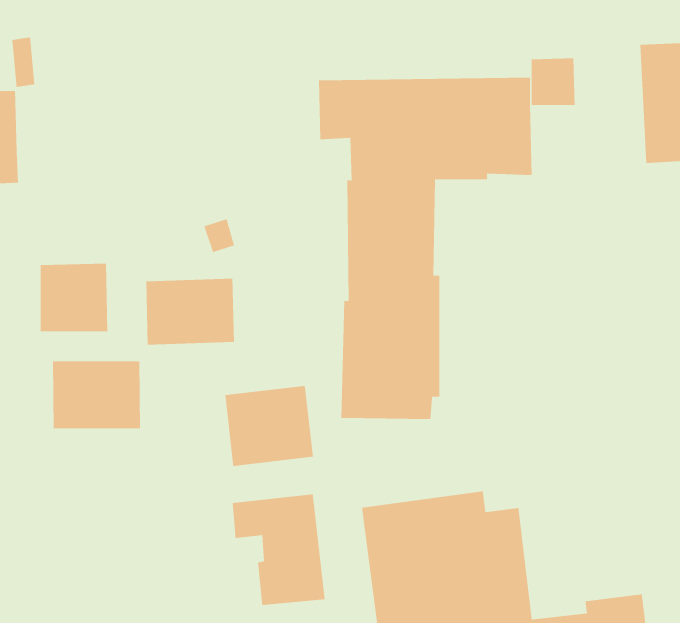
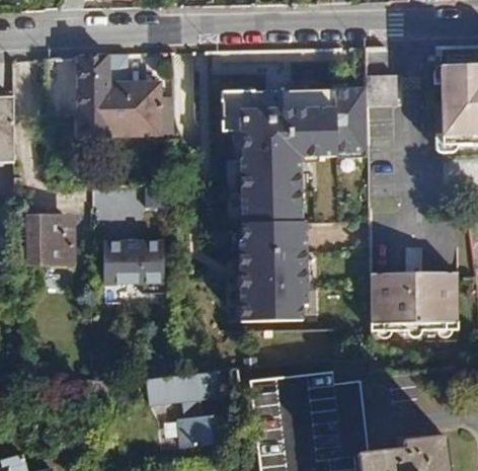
building: none -> [71,54,158,131]
building: none -> [368,247,460,332]
building: [52,360,141,429] -> none
building: [225,385,313,467] -> none

